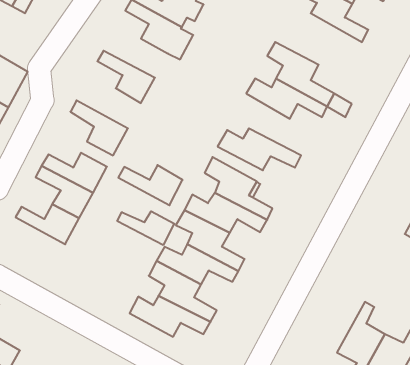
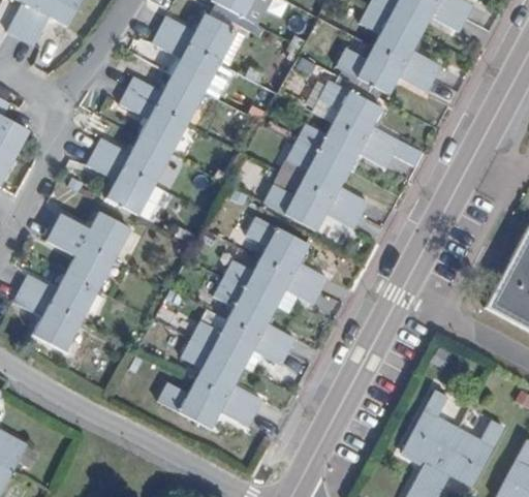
building: none -> [336,45,433,95]
building: none -> [126,75,203,122]
building: none -> [285,141,367,214]
building: [118,165,183,205] -> [94,134,170,182]
building: [117,211,174,245] -> none
building: none -> [14,287,81,349]

